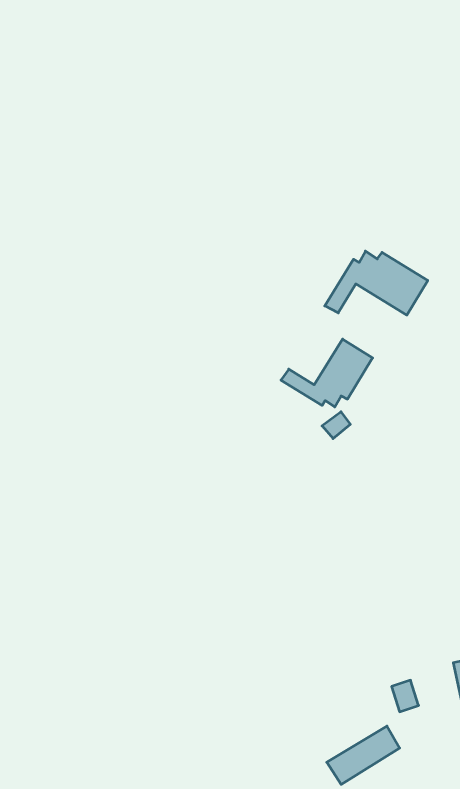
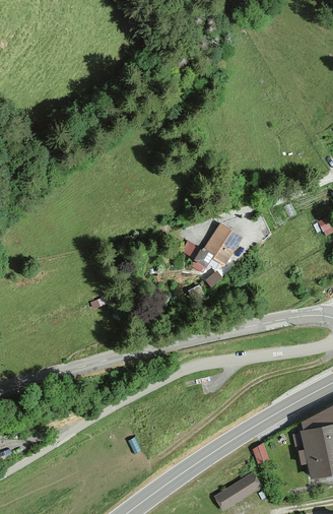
building: [325,251,428,315] -> none

